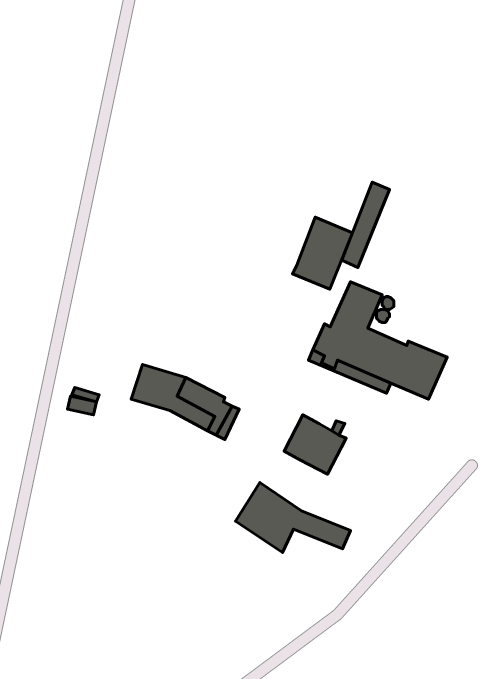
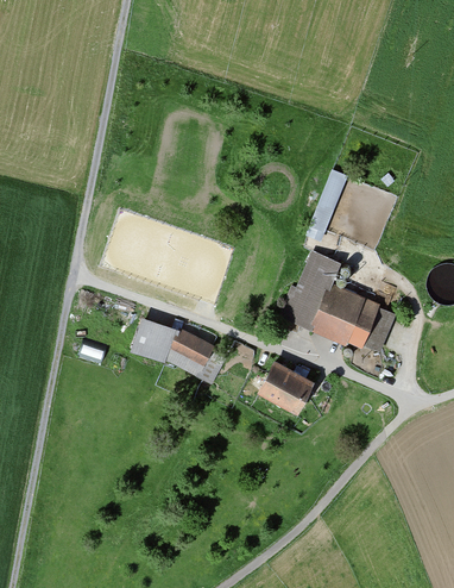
building: [293,217,353,289] -> none
building: [236,483,351,552] -> none

